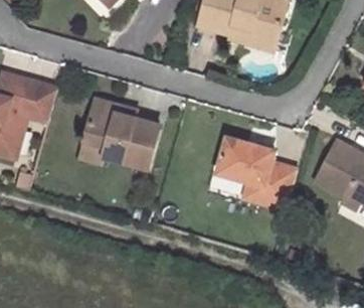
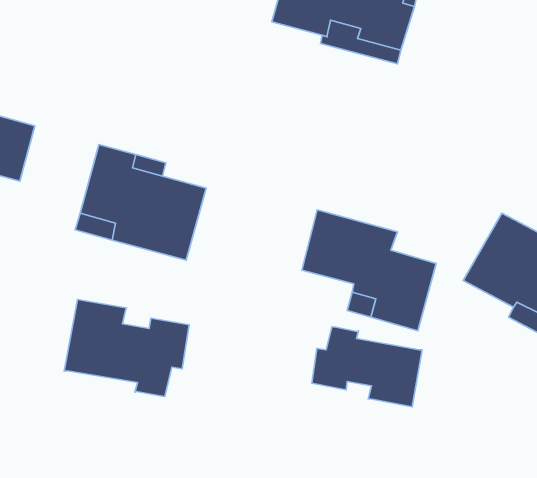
building: none -> [64,299,189,396]
building: none -> [312,327,422,407]

